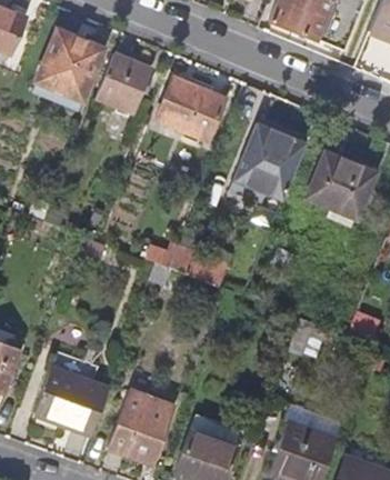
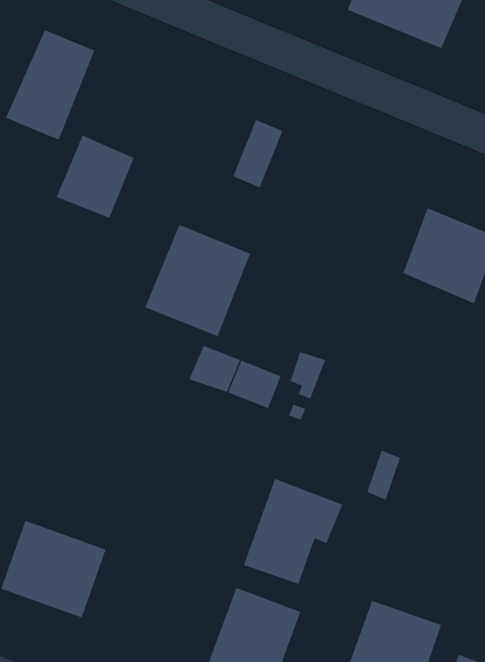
building: [97,51,150,108] -> [56,135,134,218]
building: [159,79,210,132] -> none
building: [232,123,304,200] -> [144,224,251,337]
building: [103,384,171,457] -> [243,478,343,585]

